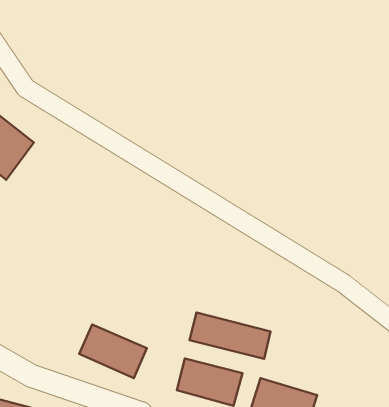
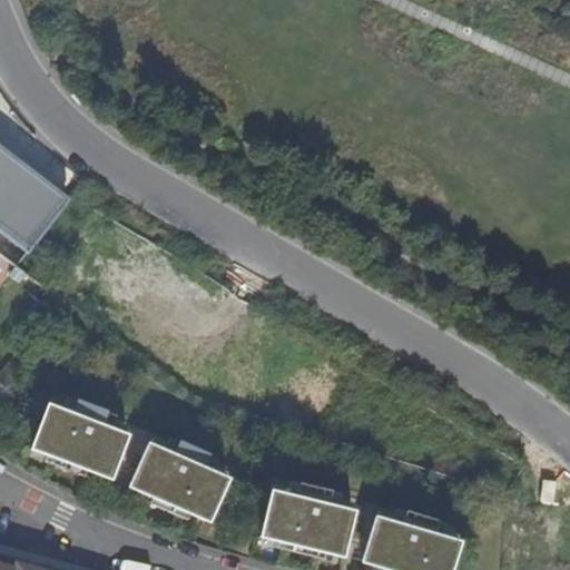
building: none -> [31,404,125,475]
building: [189,312,271,359] -> none

